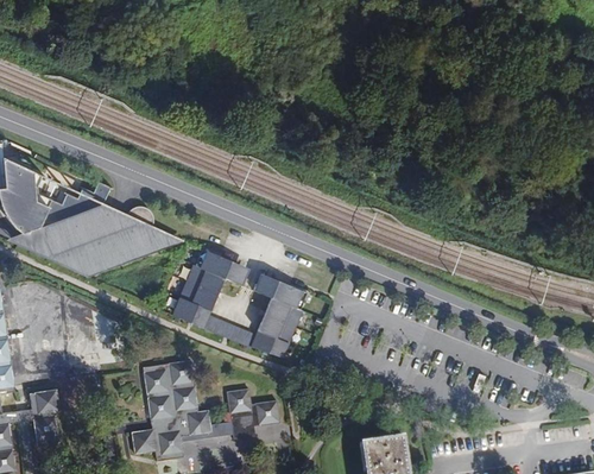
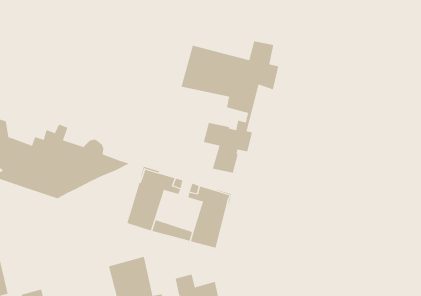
building: none -> [181,40,279,174]

